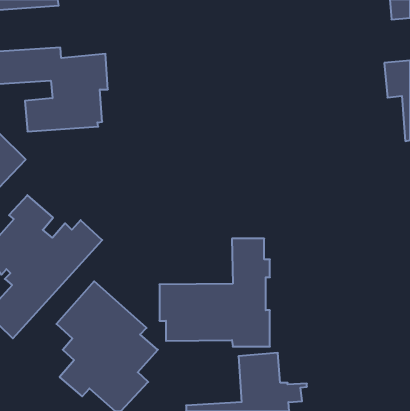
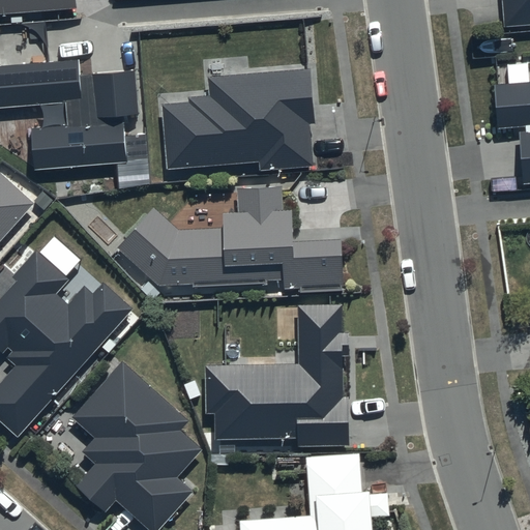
building: none -> [161,69,313,170]
building: none -> [118,187,343,292]

